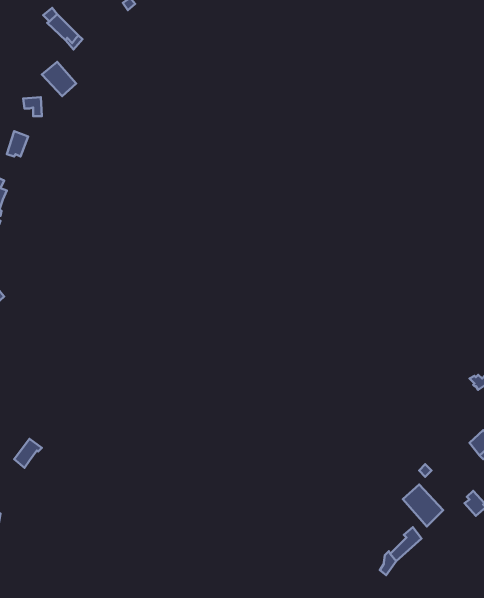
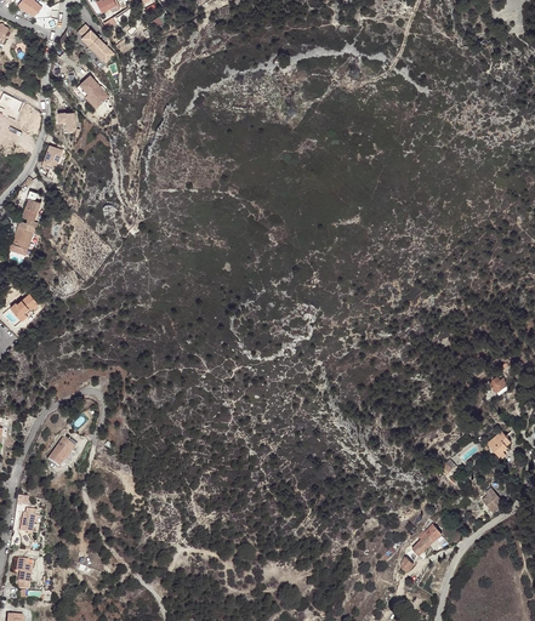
building: [403,484,443,526] -> none

